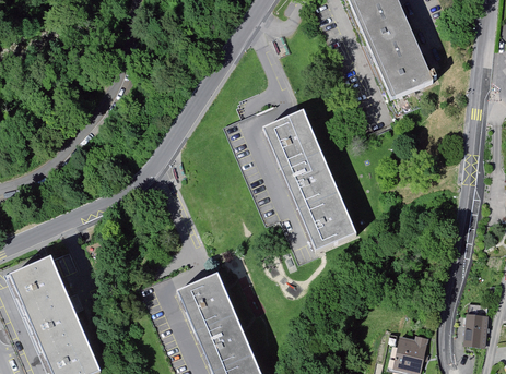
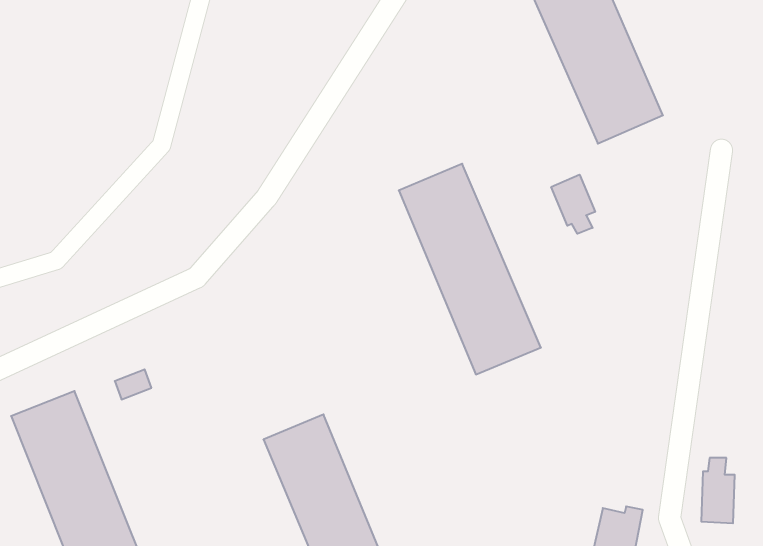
building: none -> [551,175,595,234]

